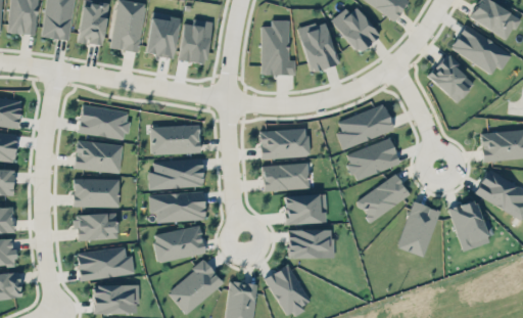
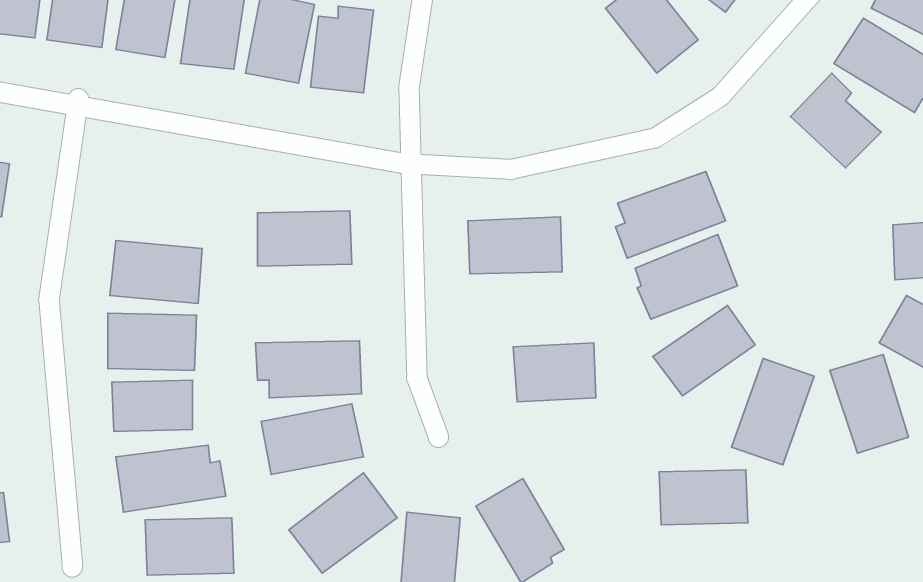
building: [262,20,295,75] -> none
building: [299,20,337,71] -> none
building: [79,104,129,139] -> none
building: [149,158,203,189] -> none
building: [263,163,310,190] -> none
building: [288,229,334,258] -> [659,470,748,525]

